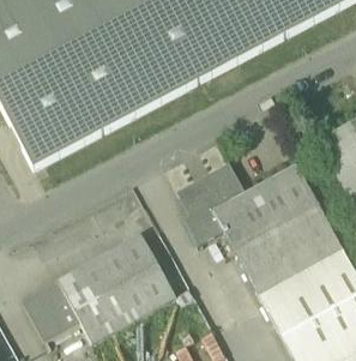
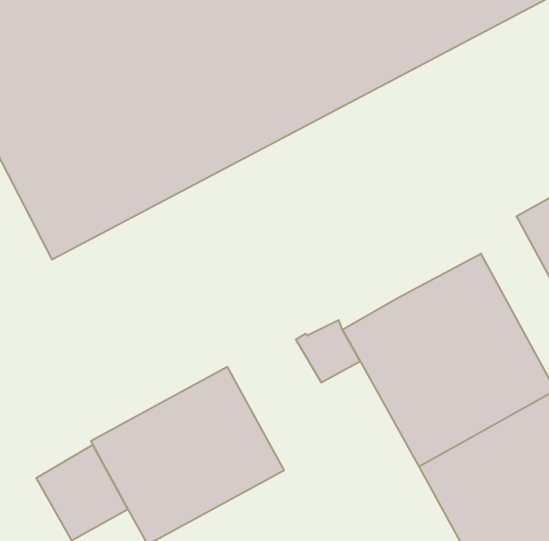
building: [177,161,246,213] -> none

